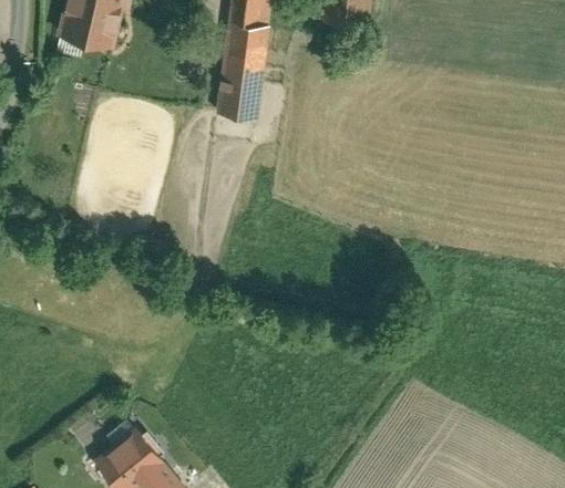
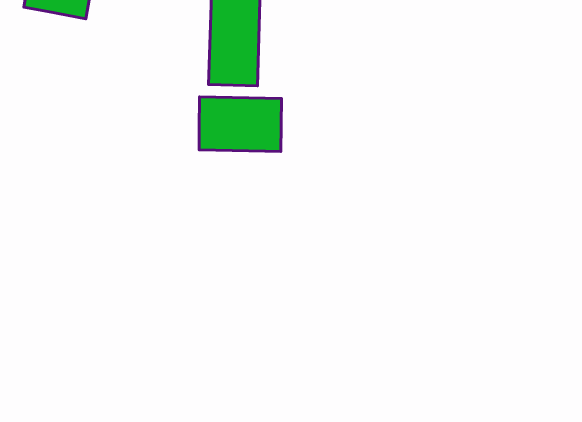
building: none -> [199,97,281,151]

